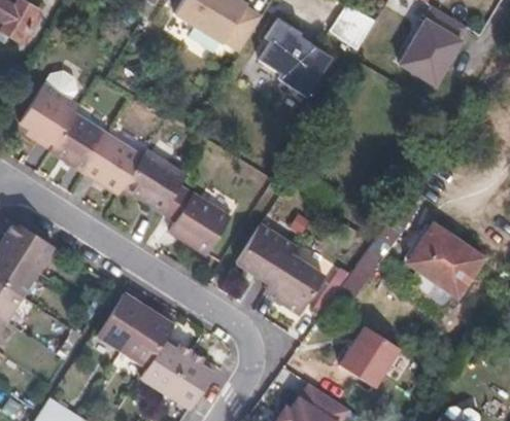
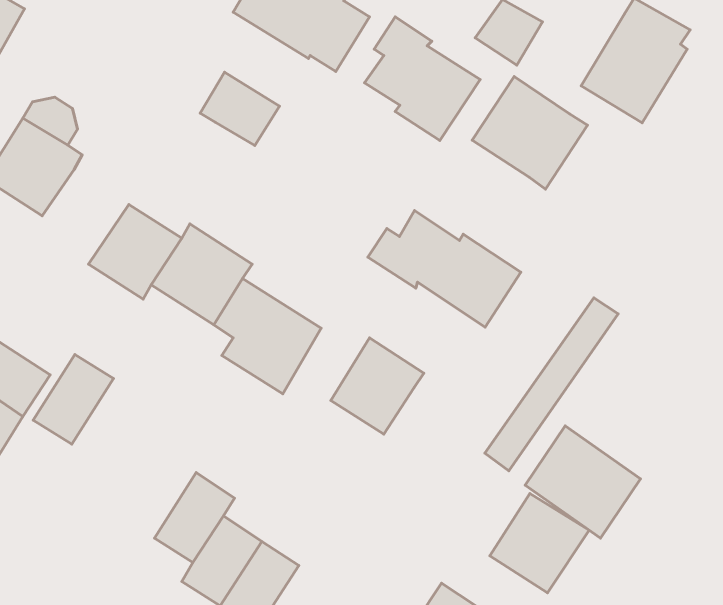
building: none -> [200,72,279,146]
building: none -> [472,76,588,189]
building: [47,114,107,175] -> none
building: none -> [368,211,521,327]
building: [408,223,482,295] -> [525,426,641,538]
building: [266,254,327,316] -> none
building: [99,293,150,351] -> [33,354,113,444]

